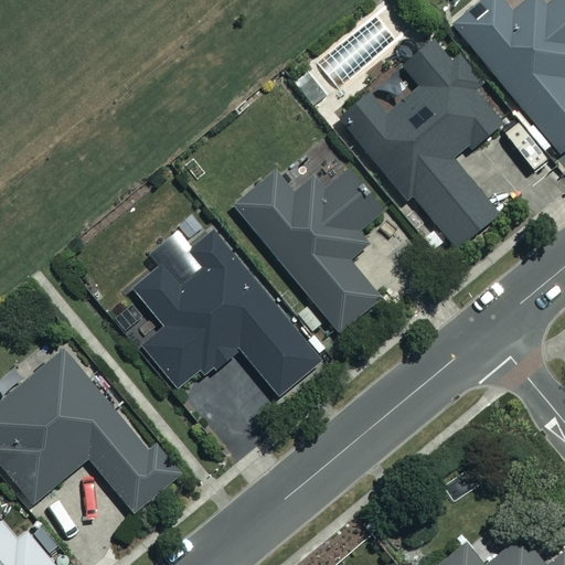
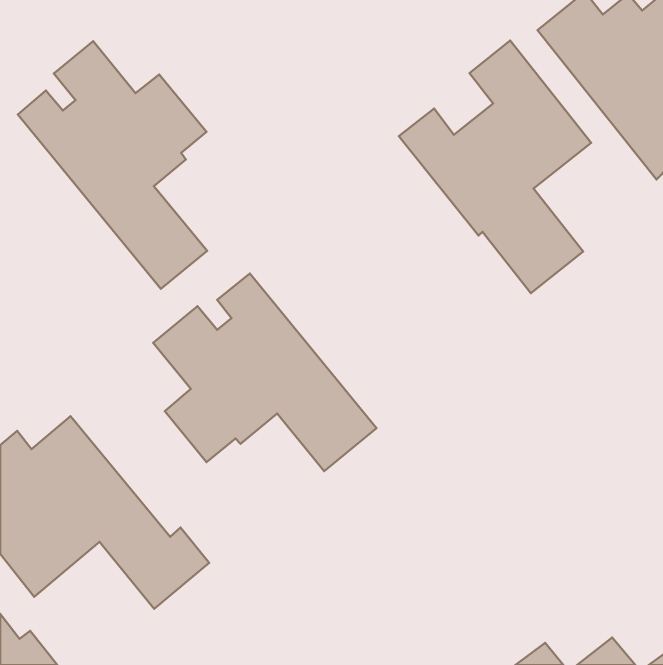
building: none -> [18,41,207,289]
building: [236,172,381,331] -> none

